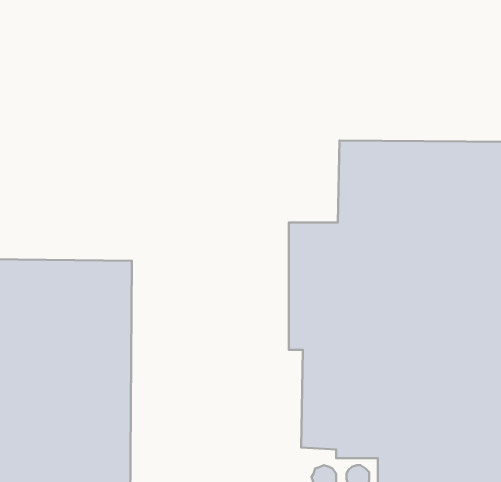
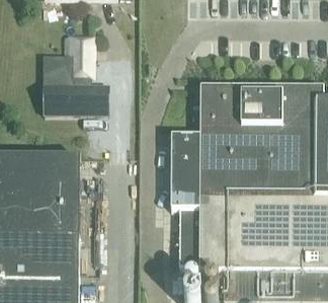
building: none -> [43,28,108,109]

